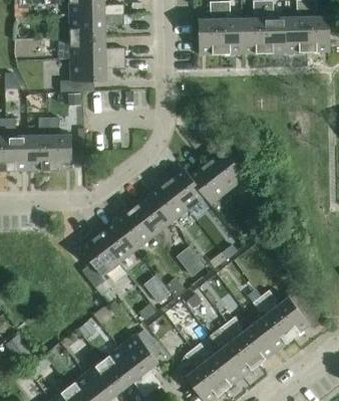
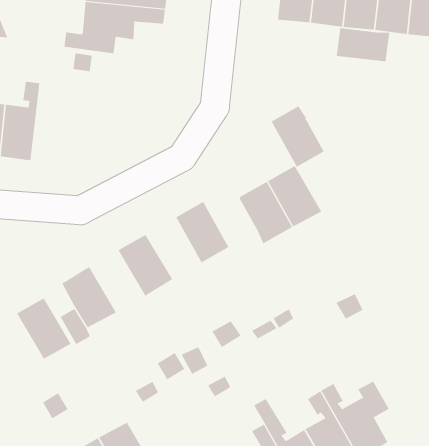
building: none -> [336,28,390,62]
building: [48,117,71,170] -> none
building: [166,168,205,209] -> [271,105,325,167]
building: [131,194,171,235] -> none
building: [97,221,136,262] -> [16,297,71,360]

